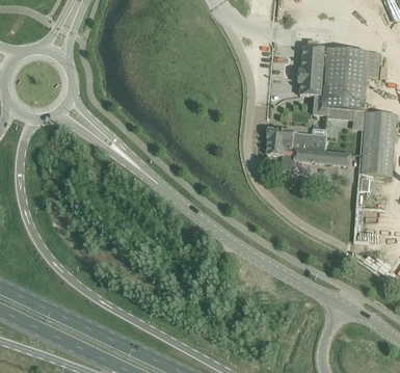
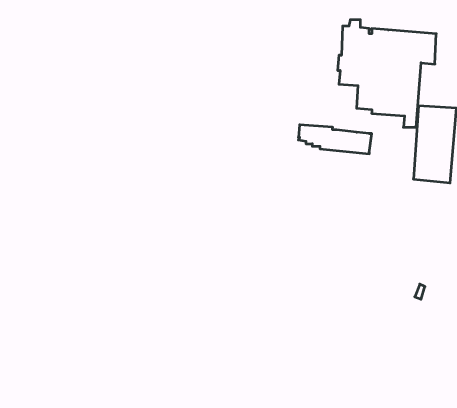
building: [264,140,349,166] -> none

